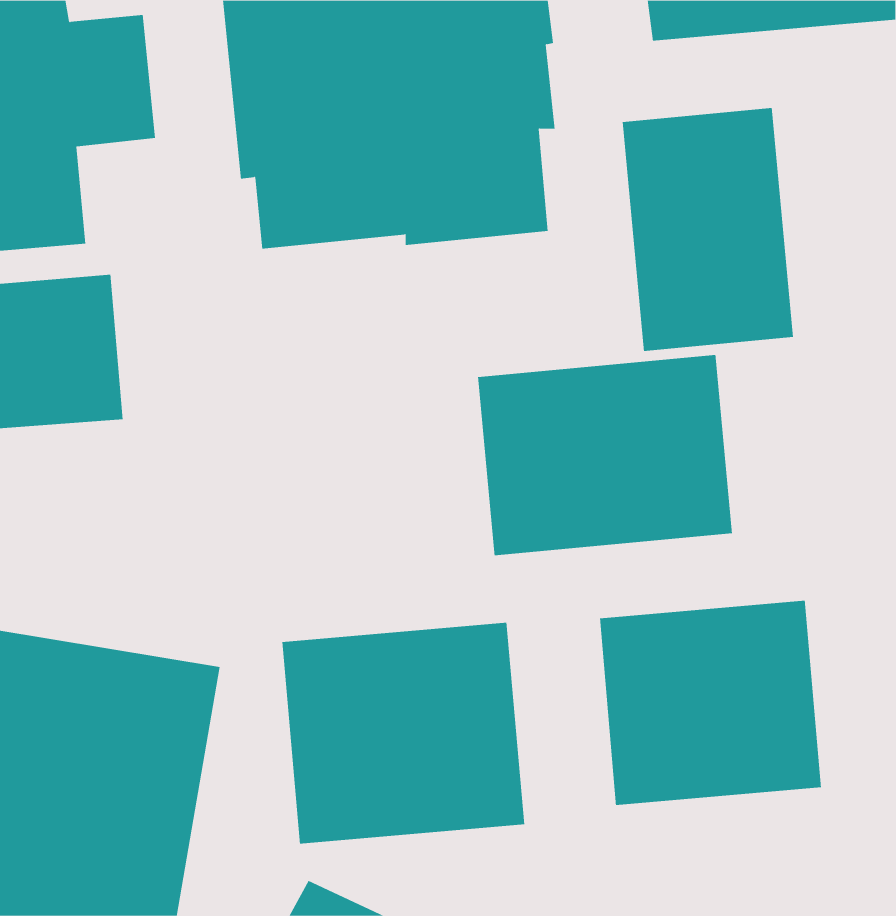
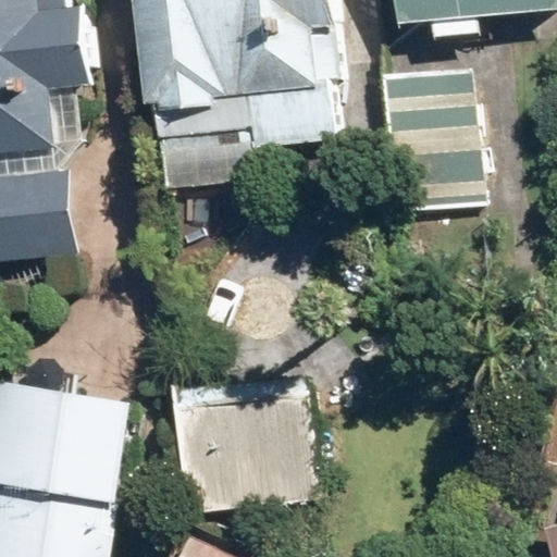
building: [478,354,732,556] -> none
building: [599,600,821,806] -> none

